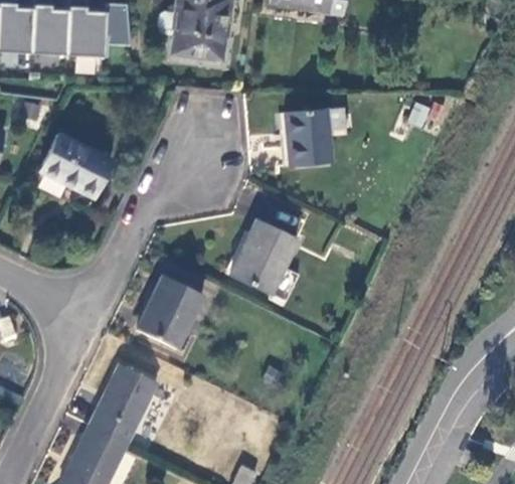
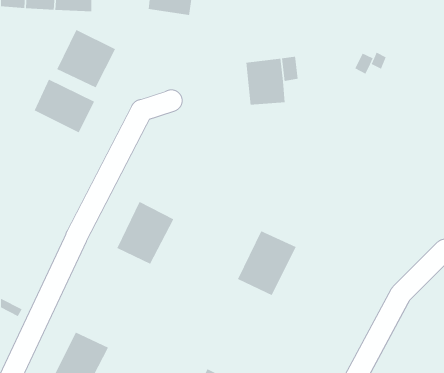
building: none -> [57,29,116,88]
building: [229,219,298,295] -> [237,230,297,296]
building: [89,364,157,444] -> none

